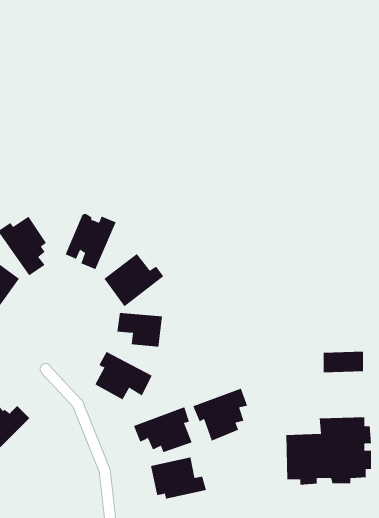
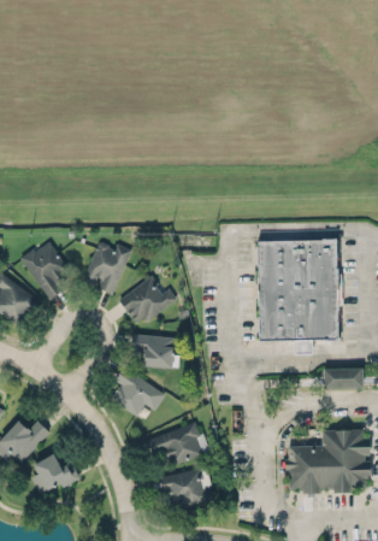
building: none -> [256,241,339,342]
building: [193,388,248,441] -> none
building: none -> [31,451,81,492]

